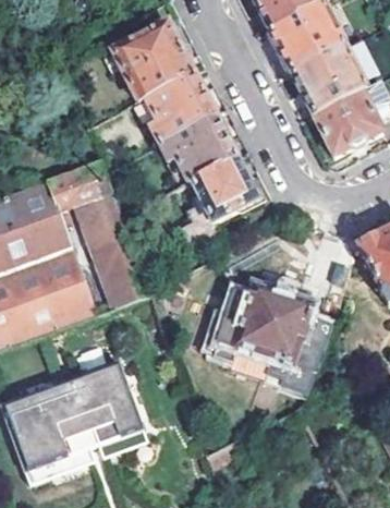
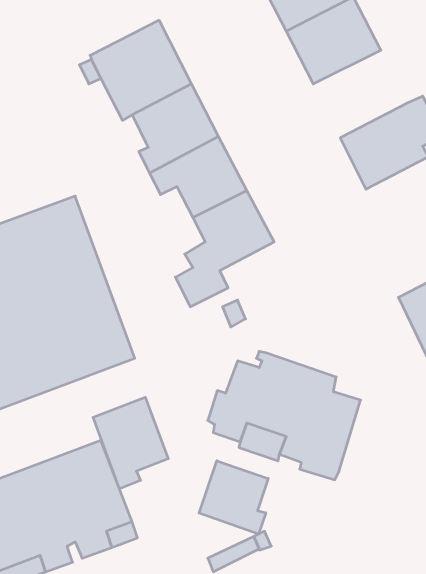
building: [290,44,366,114] -> none
building: none -> [93,397,168,489]
building: none -> [199,461,268,534]

